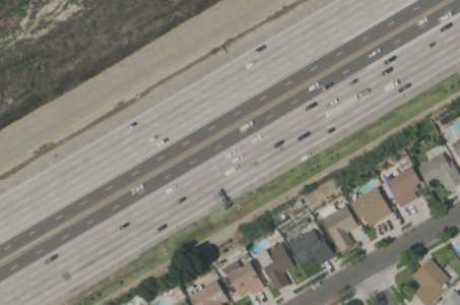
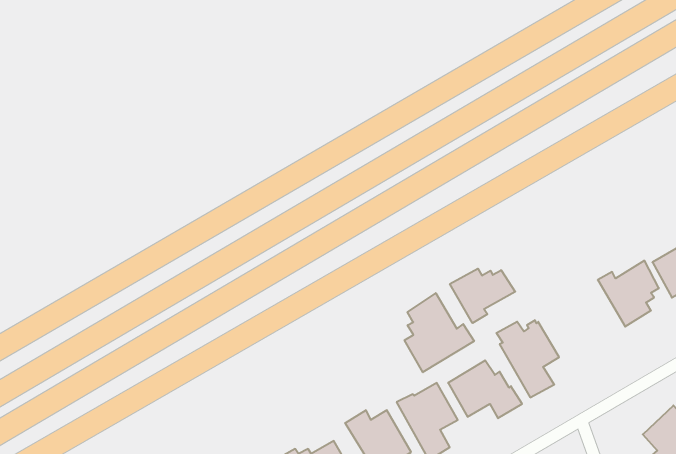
building: none -> [450,269,515,323]
building: none -> [405,293,474,372]
building: [350,187,392,227] -> none

